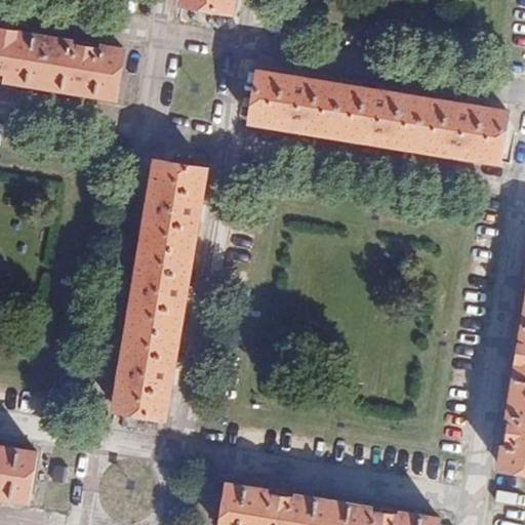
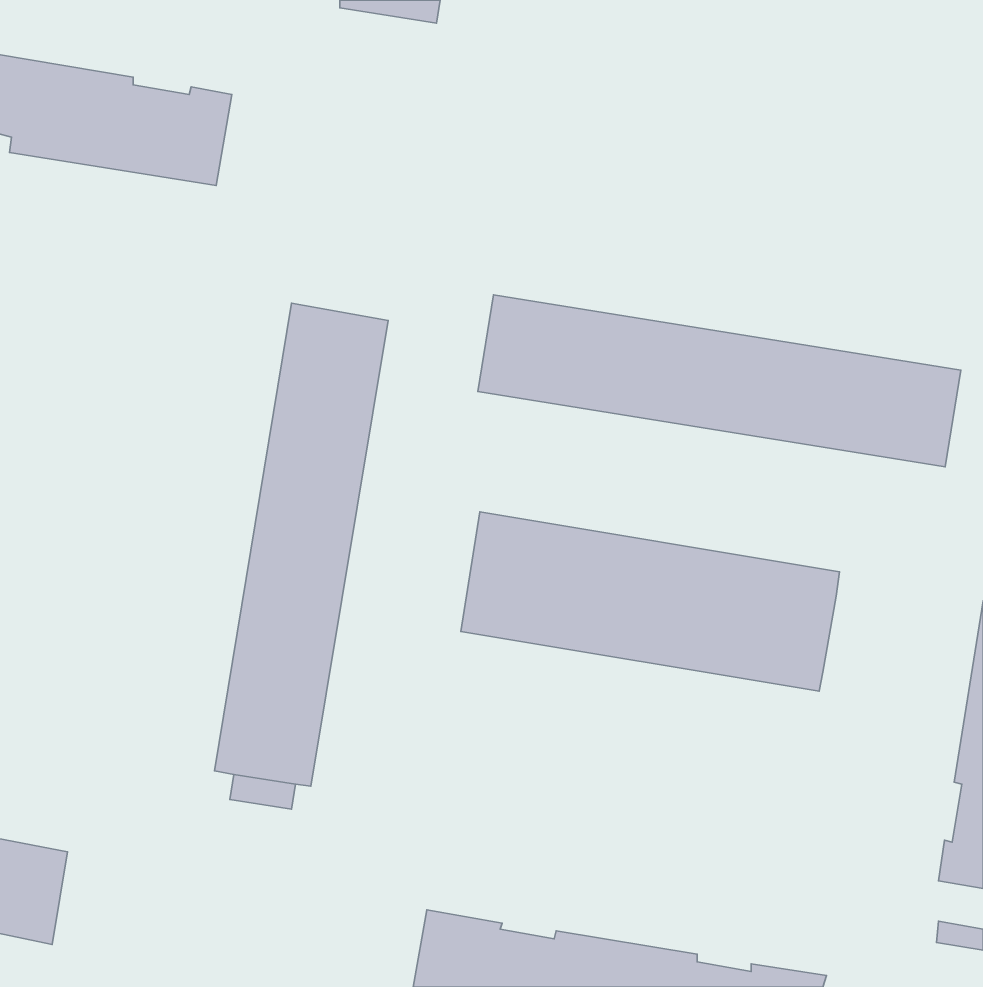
building: [250,71,507,162] -> [478,295,961,467]
building: none -> [461,512,840,691]

